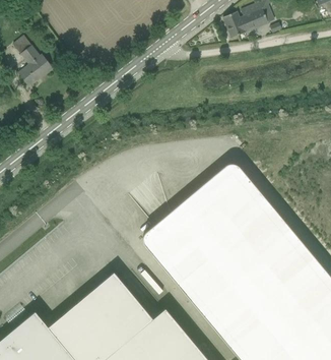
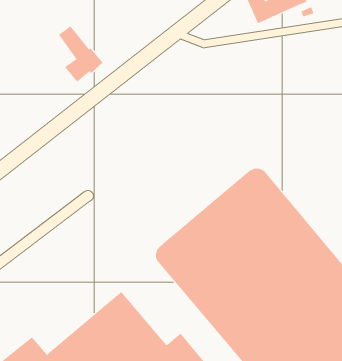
building: [13,36,53,85] -> [58,25,104,82]

